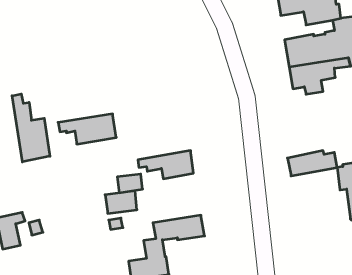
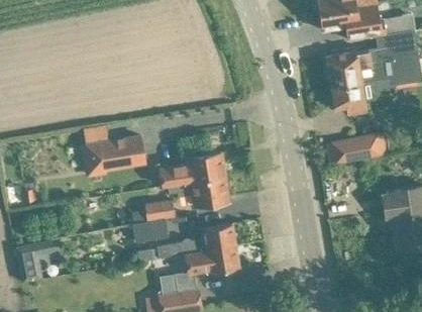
building: [12,94,50,162] -> none
building: none -> [159,151,224,187]
building: [287,151,337,176] -> [327,136,381,164]
building: none -> [155,224,235,257]

